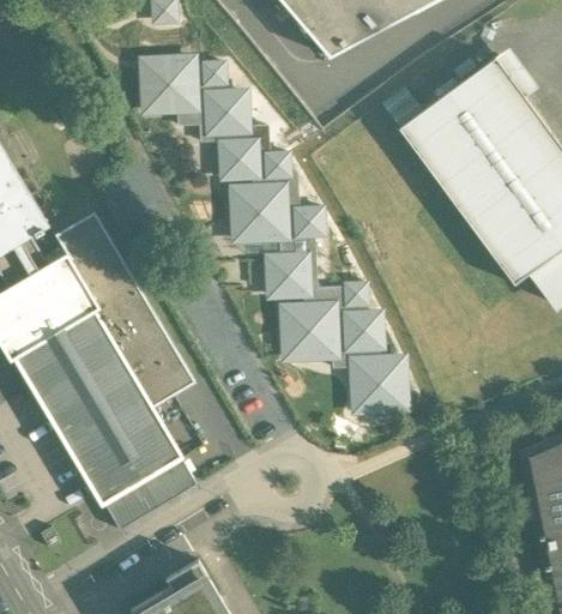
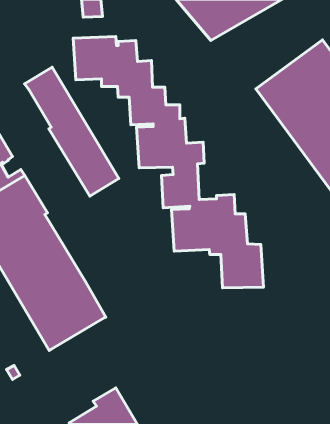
building: [60,221,195,407] -> [25,67,119,196]
building: [103,458,195,529] -> none

